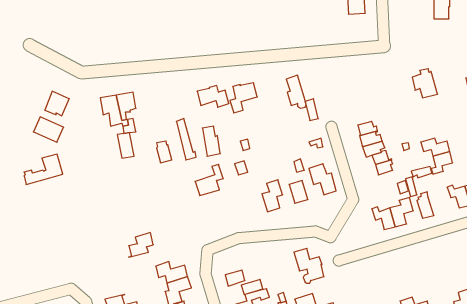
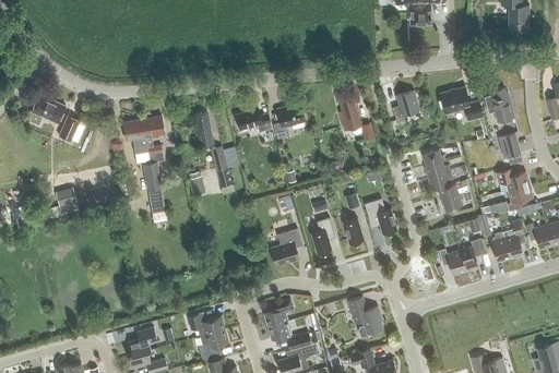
building: none -> [439,86,483,120]
building: none -> [393,91,418,124]
building: none -> [498,132,522,164]
building: [33,117,64,142] -> [31,93,66,122]
building: [202,126,220,156] -> [192,112,213,147]
building: [195,164,223,196] -> [270,228,302,264]
building: none -> [503,218,524,257]
building: [129,233,153,257] -> [128,326,156,354]
building: none -> [263,298,293,326]

